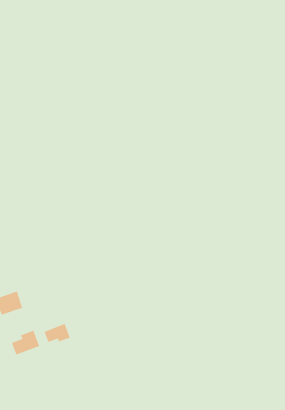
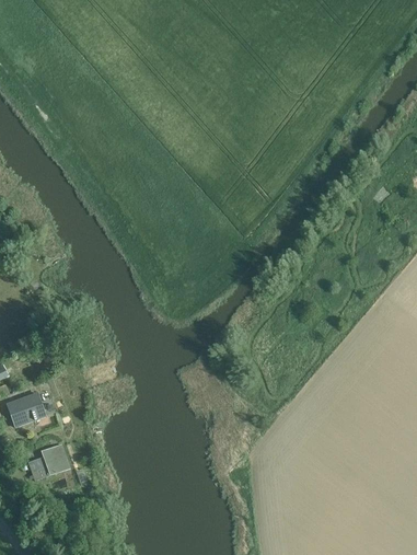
building: [43,323,71,343] -> none

